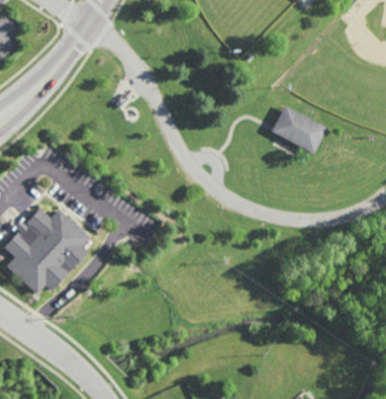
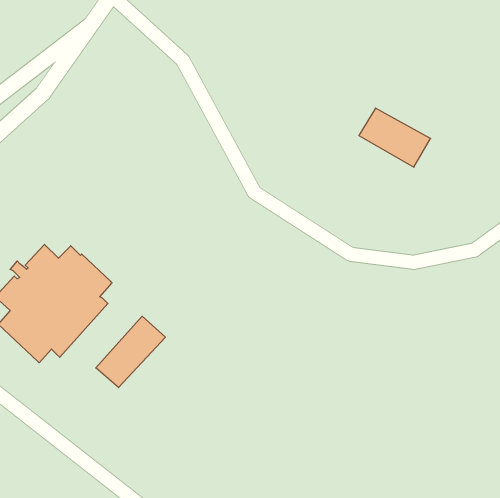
building: none -> [96,316,165,388]

